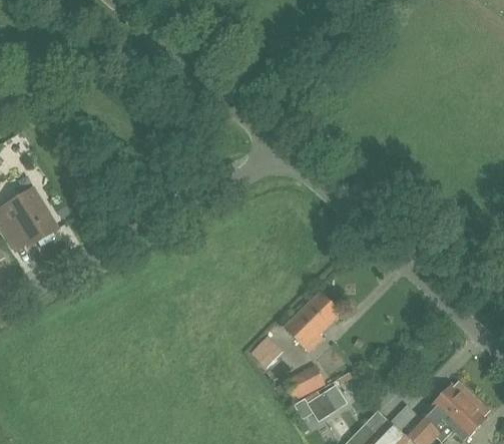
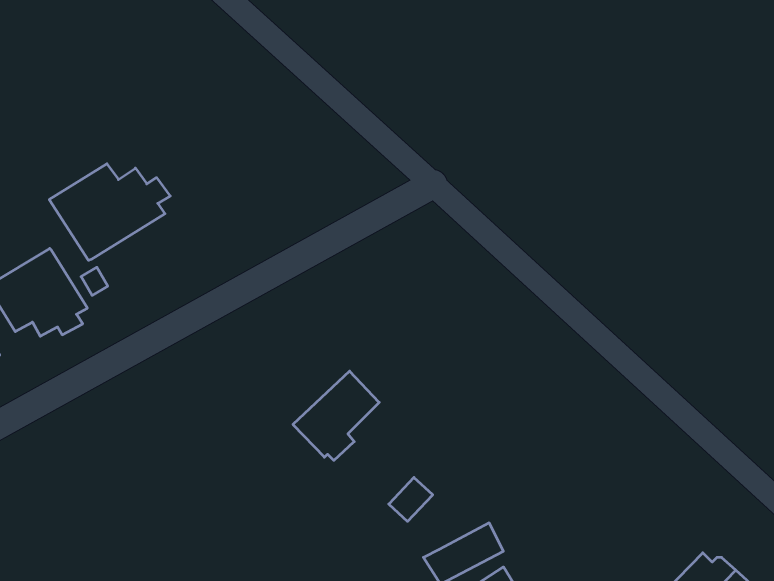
building: none -> [49,164,170,260]
building: [283,293,338,350] -> [293,371,379,460]

